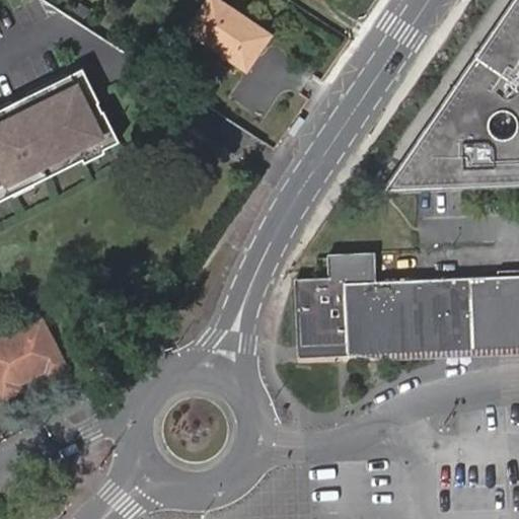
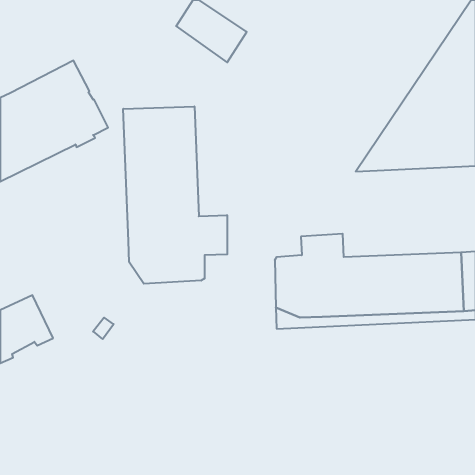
building: none -> [123,106,227,284]

